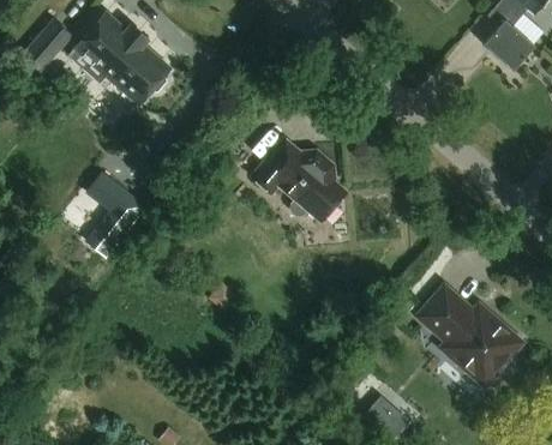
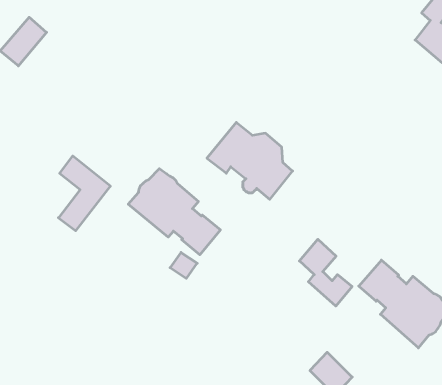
building: [68,13,170,100] -> none
building: none -> [128,169,220,255]
building: none -> [299,239,352,306]

